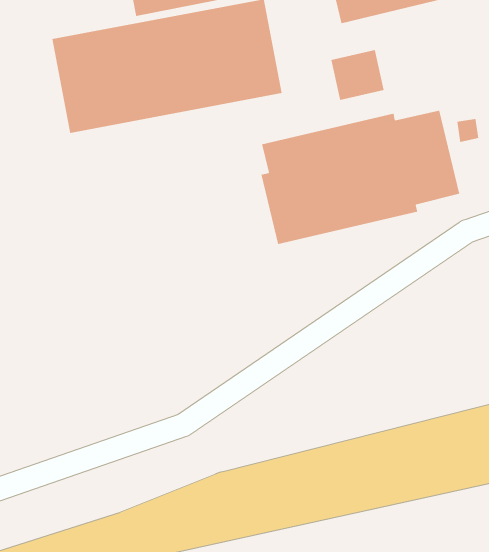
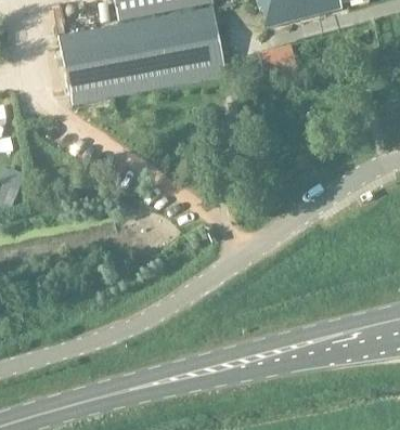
building: [261,110,460,245] -> none

